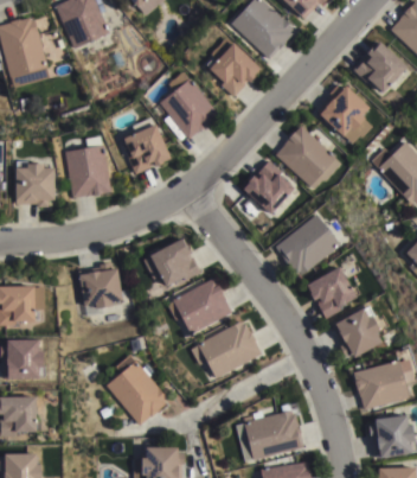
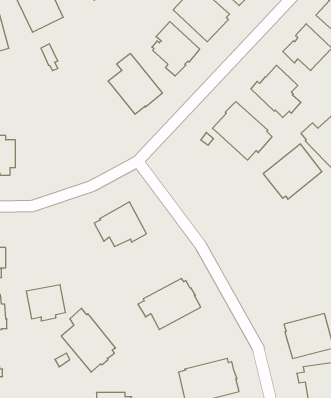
building: [123,117,171,174] -> none
building: [65,145,111,197] -> none
building: [243,172,294,213] -> none
building: [275,213,340,275] -> [263,144,322,199]
building: [307,266,360,318] -> none
building: [78,268,122,308] -> [26,285,66,321]
building: [168,278,232,334] -> none
building: [332,306,383,358] -> none

